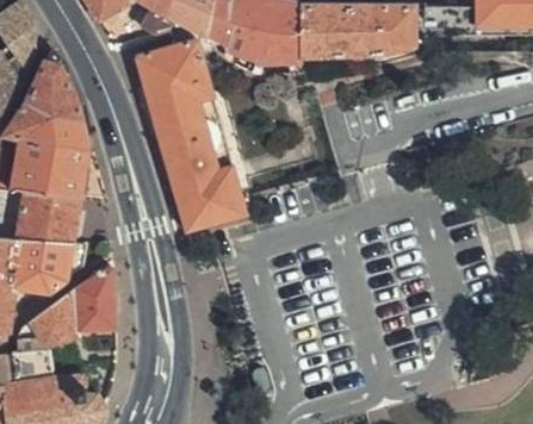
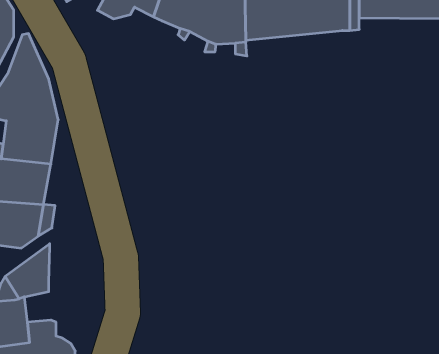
building: [136,37,244,227] -> none
building: [75,268,110,330] -> none

